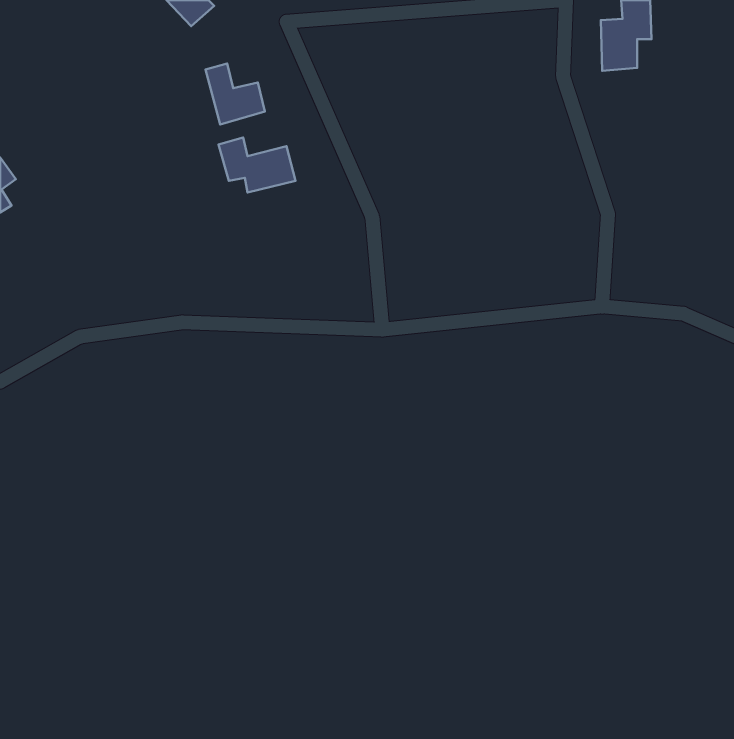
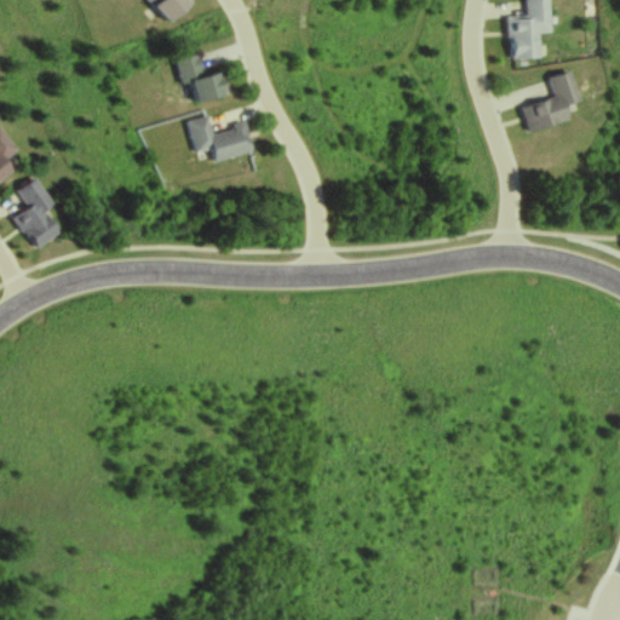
building: none -> [521,70,579,132]
building: none -> [15,177,61,248]

